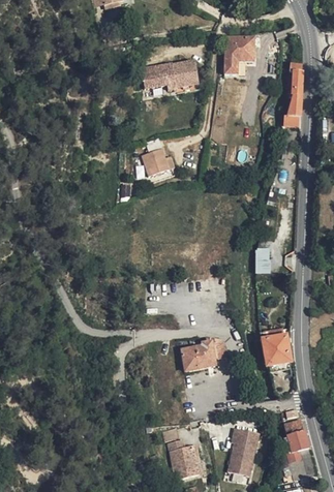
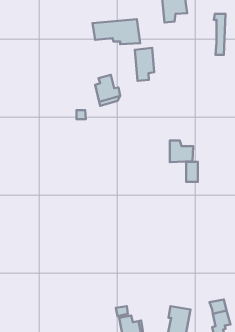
building: none -> [135,48,154,81]
building: none -> [170,140,193,162]
building: [264,327,292,364] -> none
building: [181,339,223,369] -> none

